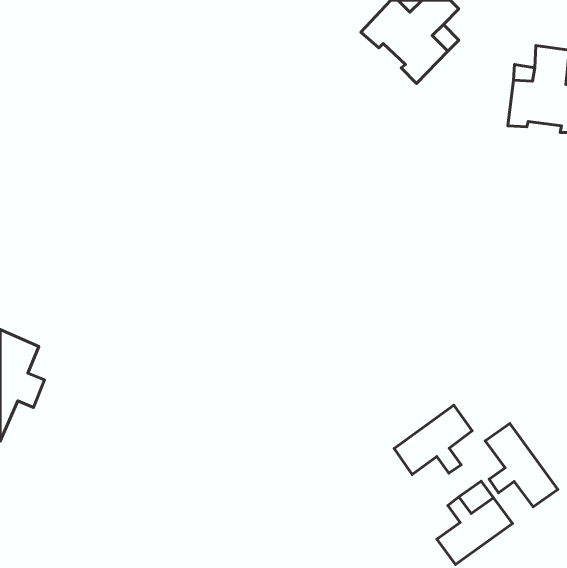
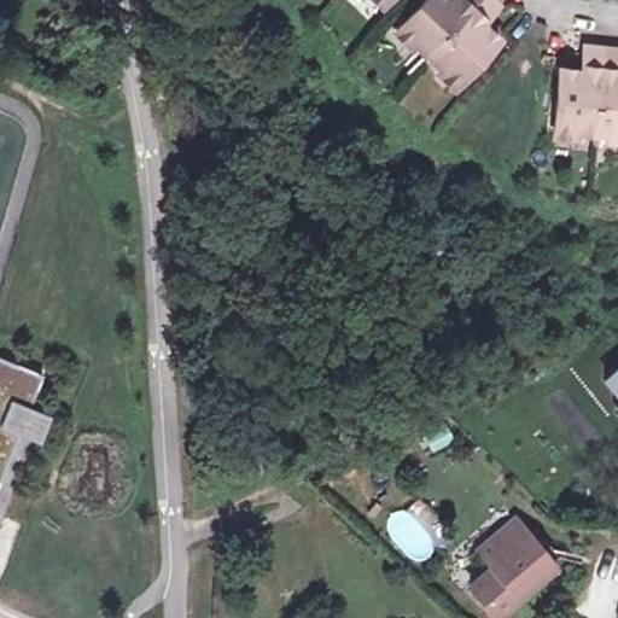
building: [394,405,472,474] -> none
building: [485,423,558,507] -> none

